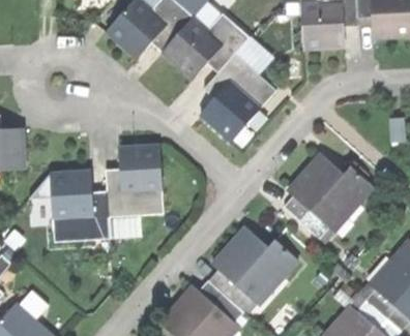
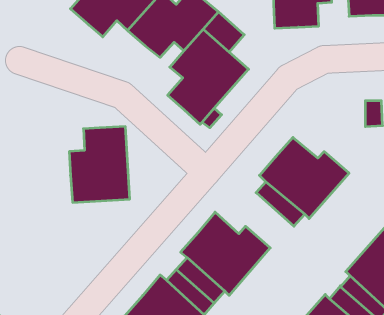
building: [50,169,110,240] -> none

